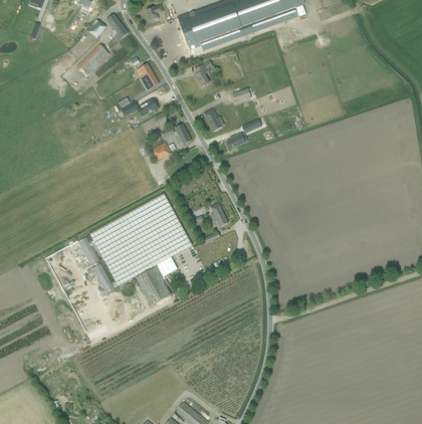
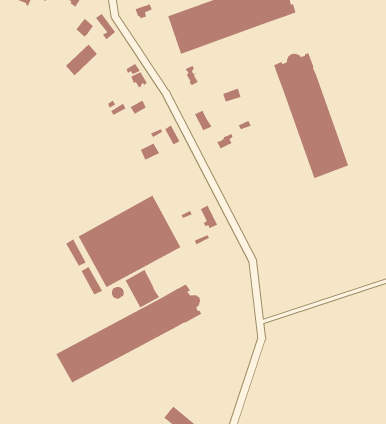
building: none -> [273,52,349,179]
building: none -> [55,283,202,384]

